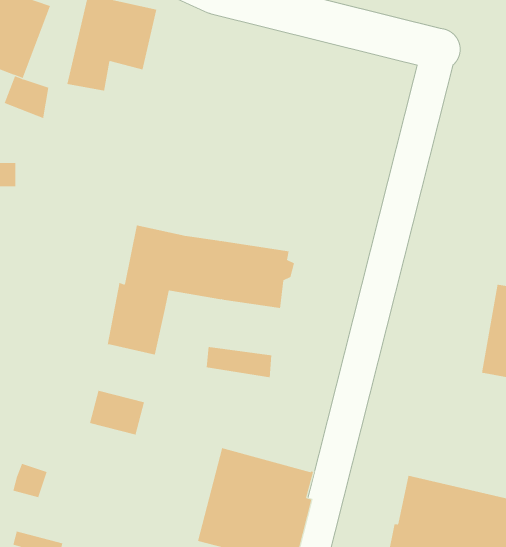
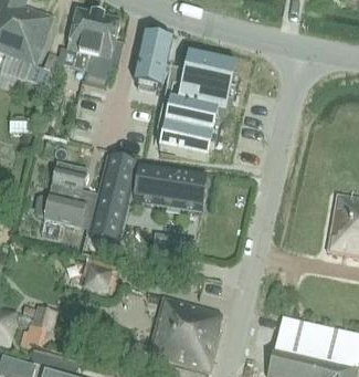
building: none -> [134,35,170,88]
building: none -> [158,54,235,159]
building: none -> [38,163,97,228]

